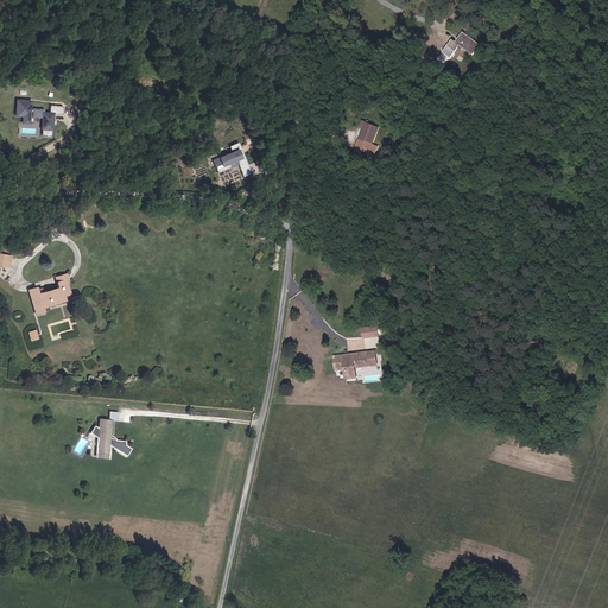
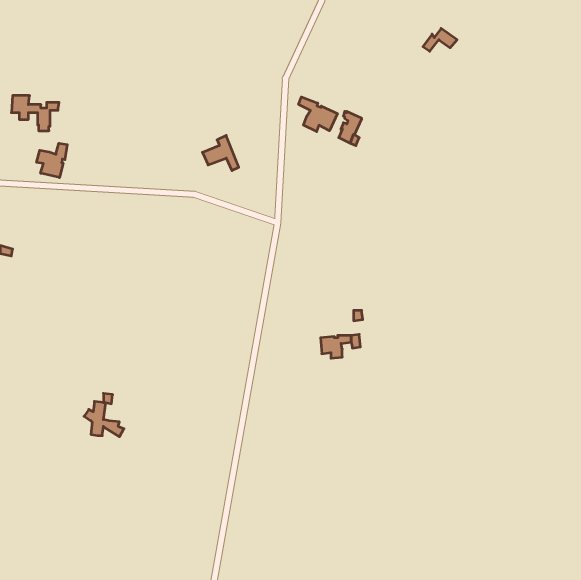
building: none -> [299,97,337,132]
building: none -> [37,143,67,178]
building: [32,278,74,317] -> none

